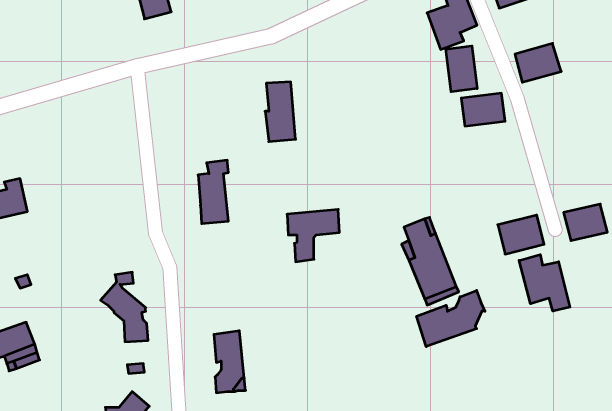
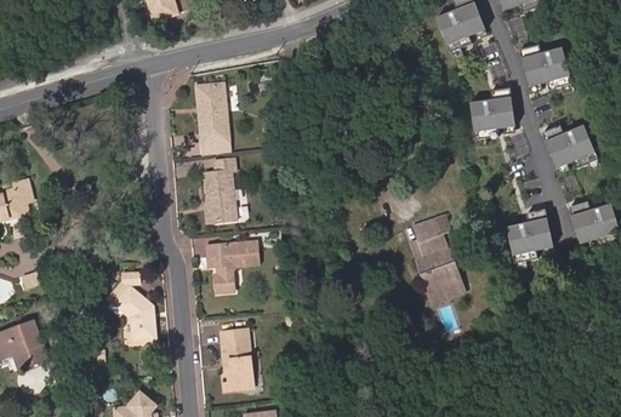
building: [446,46,477,92] -> none
building: [265,82,296,142] -> [199,86,229,145]
building: none -> [543,122,593,167]
building: [287,209,339,262] -> [206,242,258,295]
building: [519,255,570,311] -> none
building: [417,290,485,347] -> none

